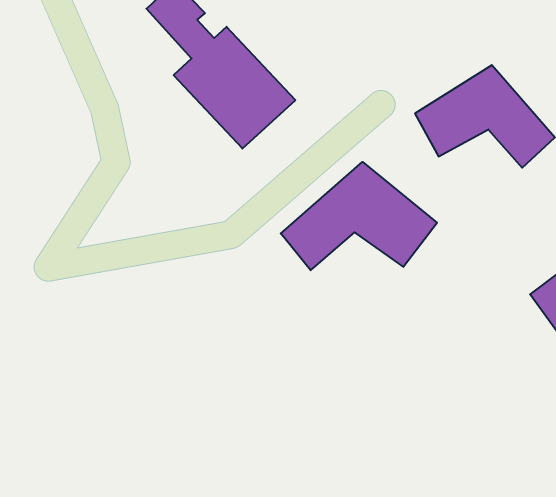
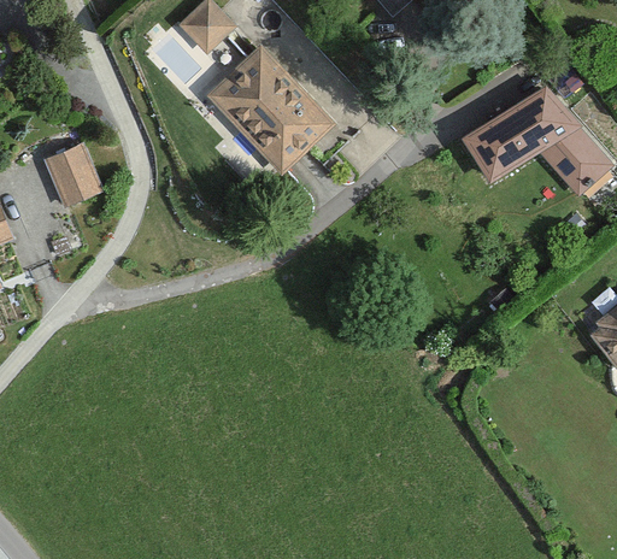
building: none -> [46,142,102,205]
building: [281,162,437,270] -> none

